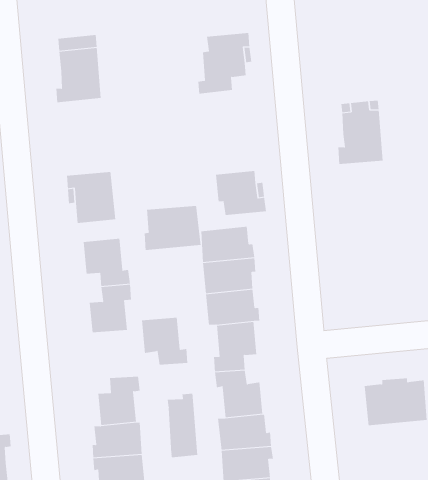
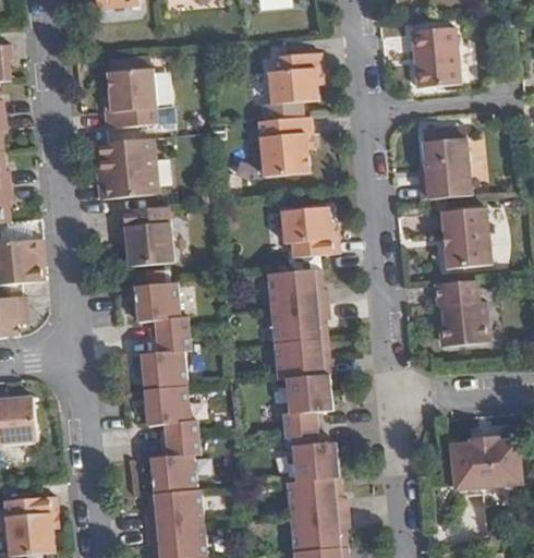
building: none -> [414,24,463,84]
building: none -> [258,117,312,177]
building: none -> [97,154,157,199]
building: none -> [441,209,489,268]
building: [144,205,201,251] -> none
building: none -> [434,280,486,349]
building: [141,317,188,365] -> [146,384,198,437]
building: [167,393,198,458] -> none

